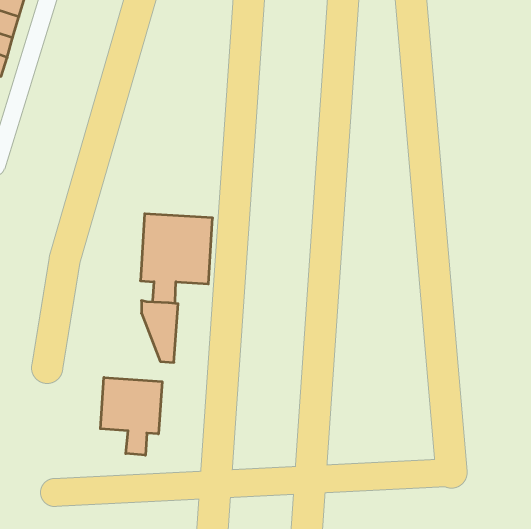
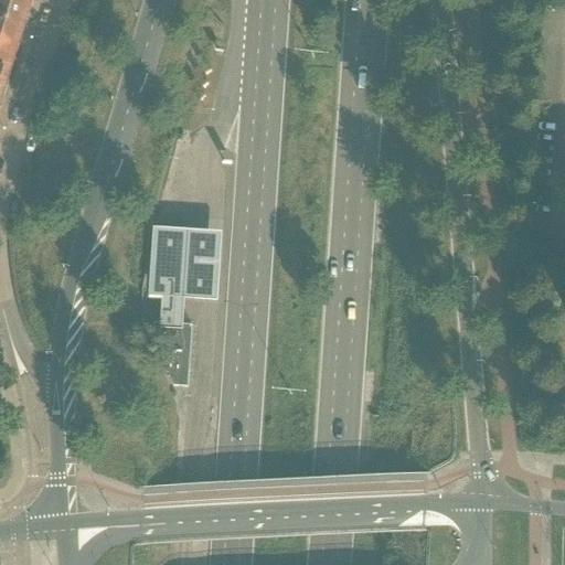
building: [100,377,162,455] -> none

